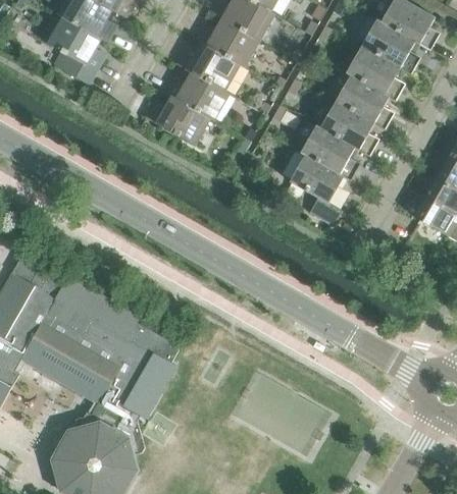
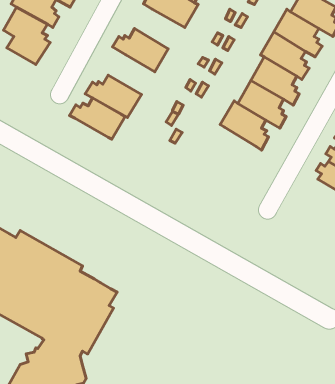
building: [196,19,259,67] -> none
building: [164,72,229,120] -> [70,98,125,139]
building: [290,156,346,227] -> none

